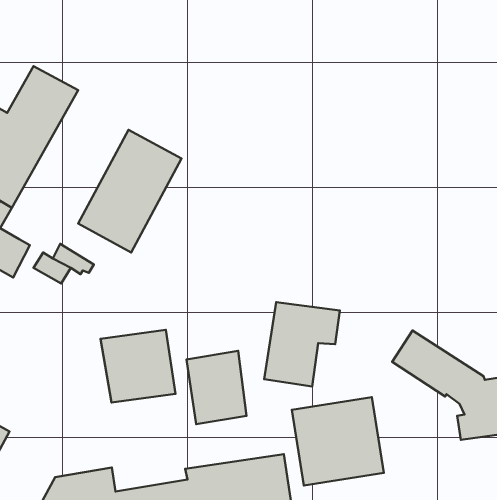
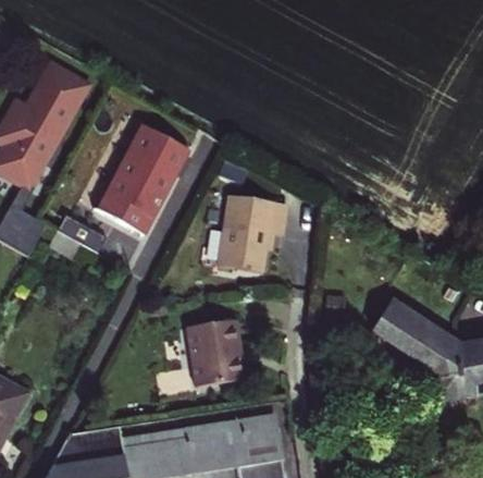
building: [264,302,340,386] -> [220,196,288,272]
building: [100,330,175,402] -> none
building: [292,397,384,485] -> none

